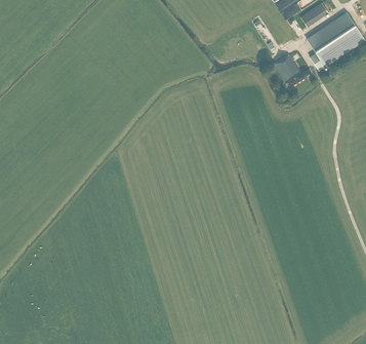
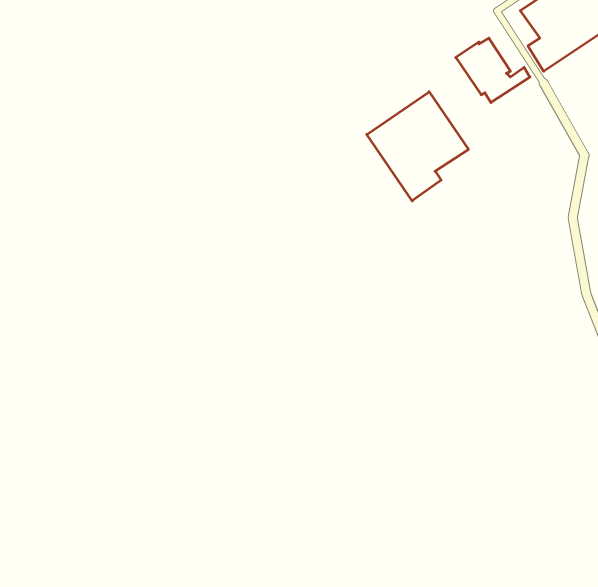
building: none -> [367,92,468,201]

